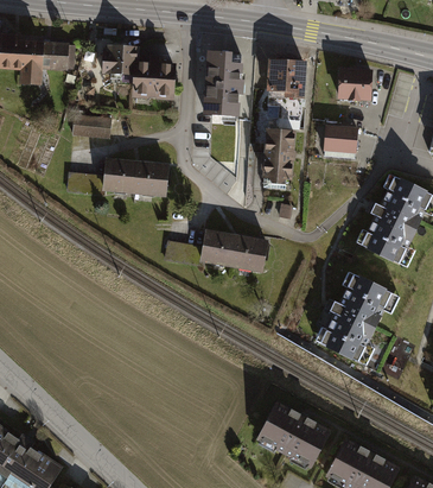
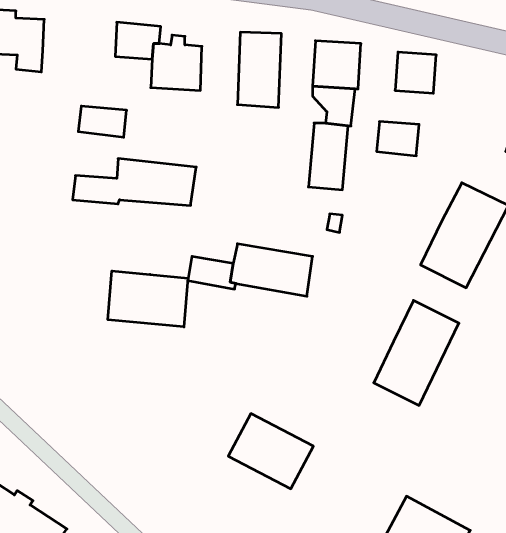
building: [42,40,75,69] -> none
building: none -> [108,271,188,327]
building: [259,401,330,464] -> [228,414,313,489]

